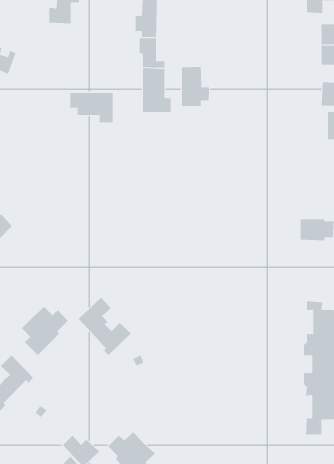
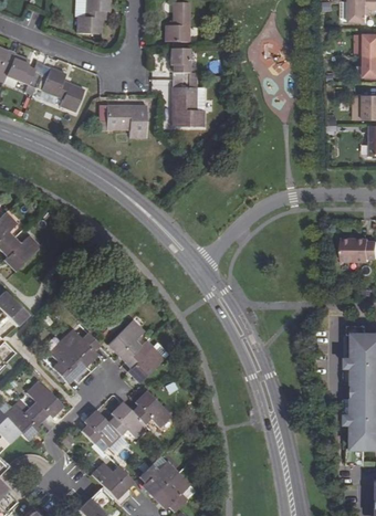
building: none -> [33,64,82,110]
building: [182,66,210,107] -> none
building: none -> [80,390,168,446]

